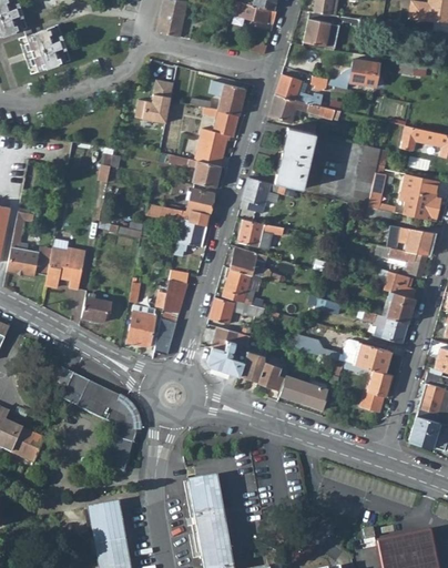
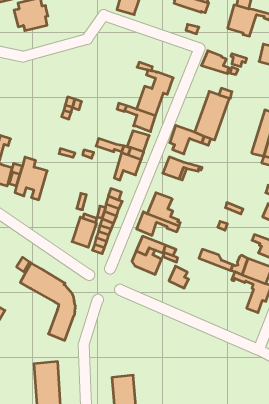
building: [134,79,173,123] -> none
building: [217,83,245,114] -> none
building: [268,94,339,122] -> none
building: [230,245,256,273] -> none
building: [80,296,111,322] -> none
building: [278,375,327,409] -> none
building: [187,476,222,516] -> none

